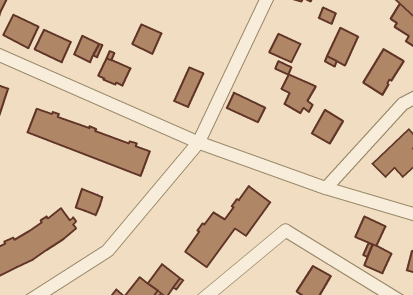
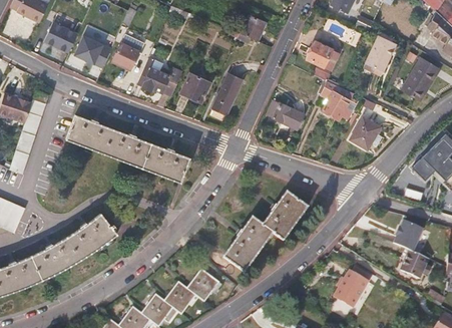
building: none -> [241,14,266,41]
building: [132,24,162,54] -> [180,73,209,102]
building: [76,189,102,215] -> none

